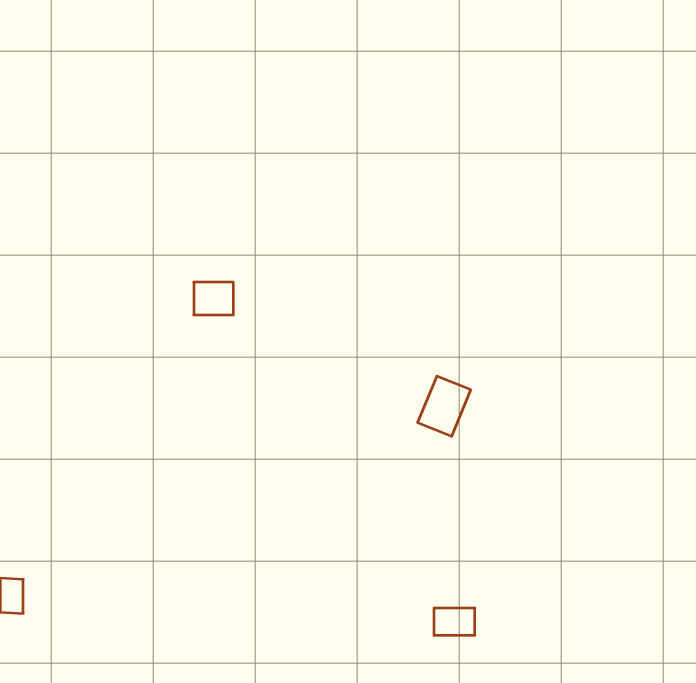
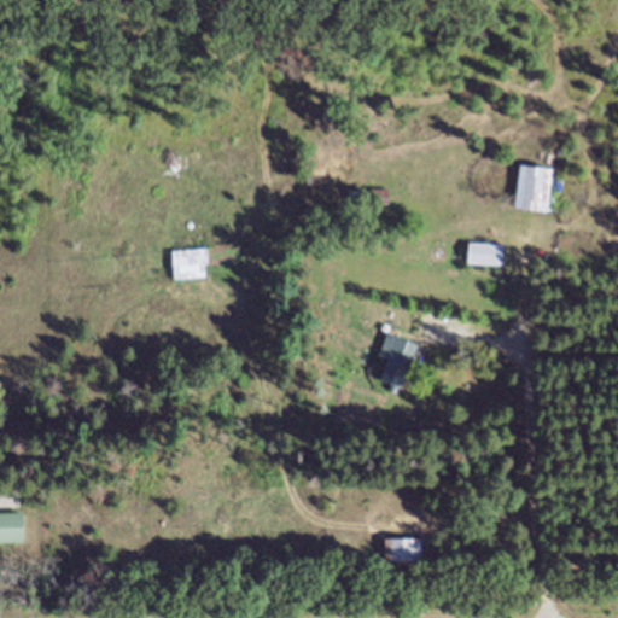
building: none -> [513,164,554,212]
building: none -> [466,244,505,266]

